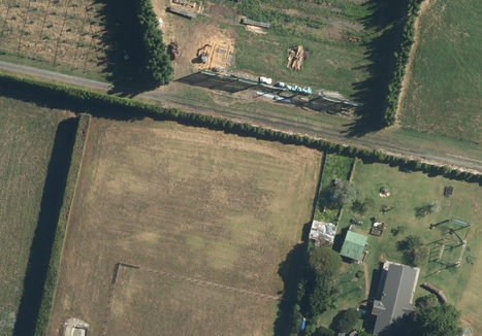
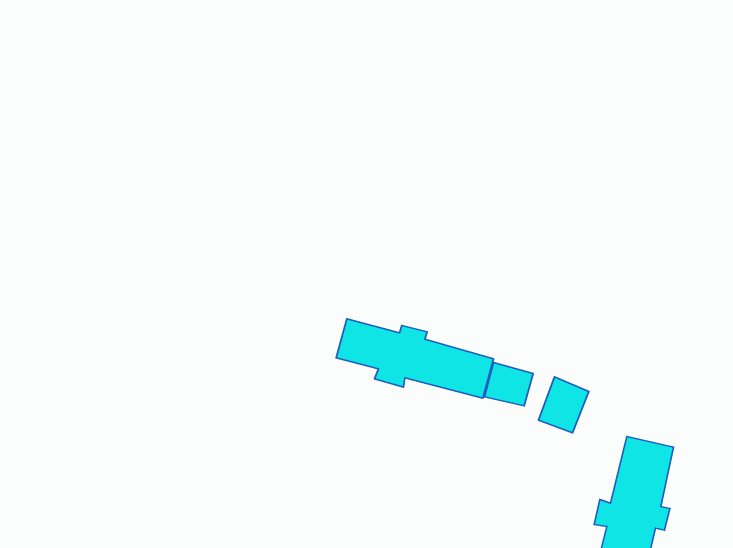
building: none -> [336,319,493,398]

